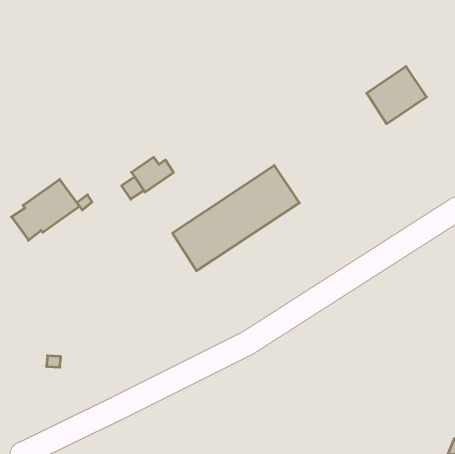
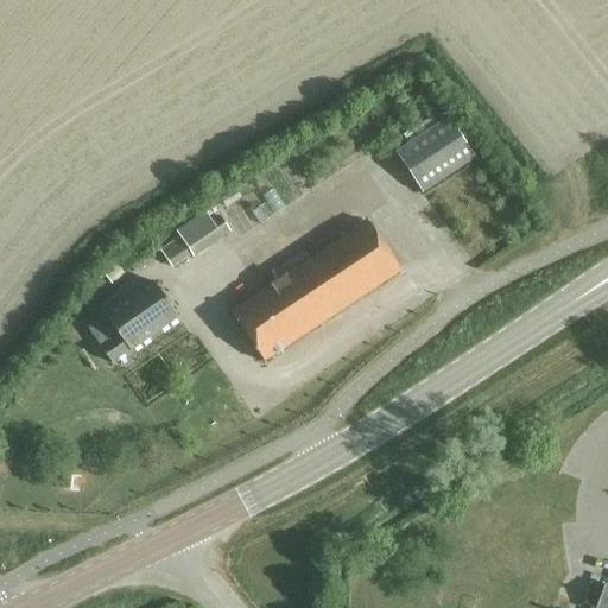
building: [367,66,427,124] -> [394,115,474,191]
building: [11,179,79,240] -> [89,278,179,359]

